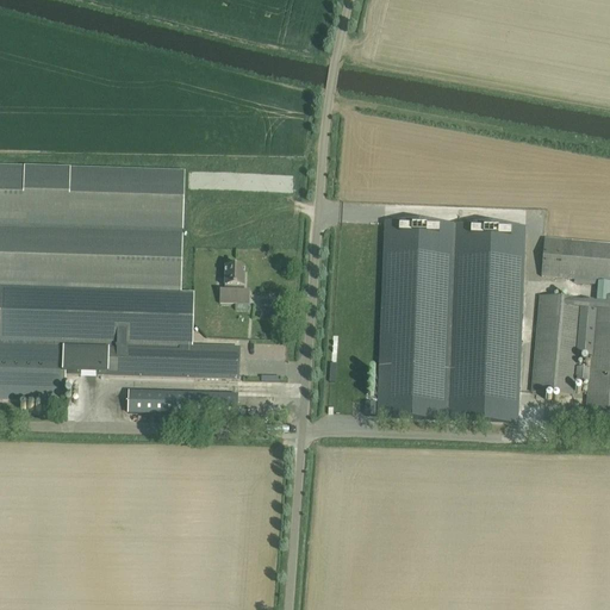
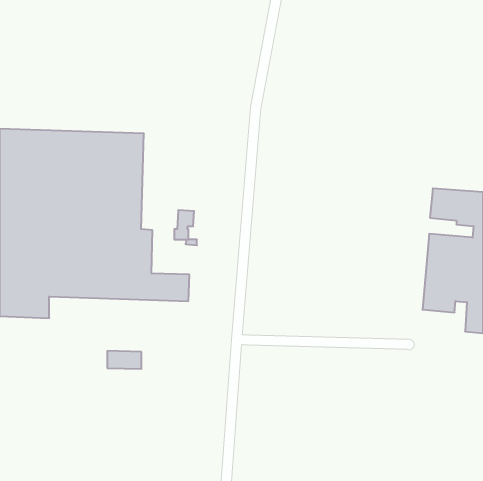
building: [376,223,524,419] -> none
building: [126,388,169,411] -> [107,351,141,369]

